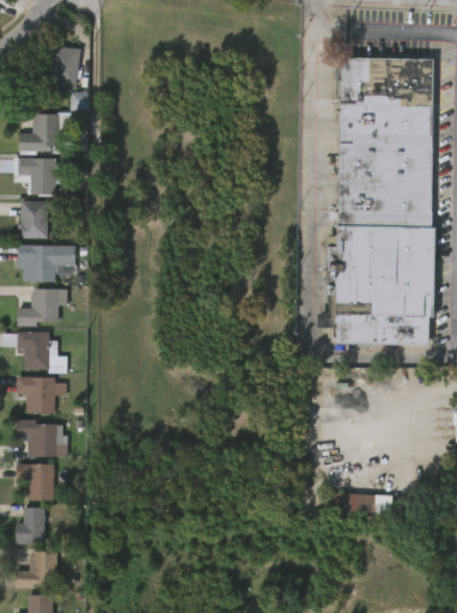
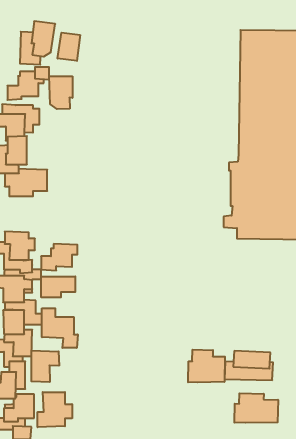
building: none -> [58,33,80,61]
building: none -> [49,76,72,109]
building: [20,289,69,324] -> [41,244,77,270]
building: none -> [41,276,75,297]
building: none -> [42,308,78,348]
building: none -> [188,350,225,382]
building: none -> [31,350,59,382]
building: none -> [38,392,72,427]
building: none -> [234,393,278,423]

